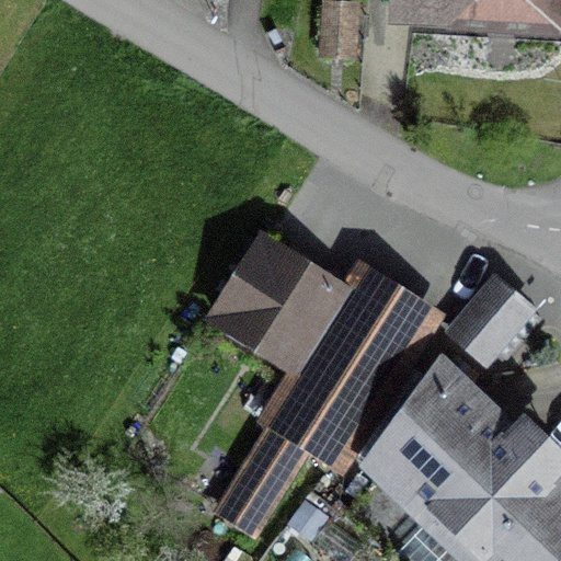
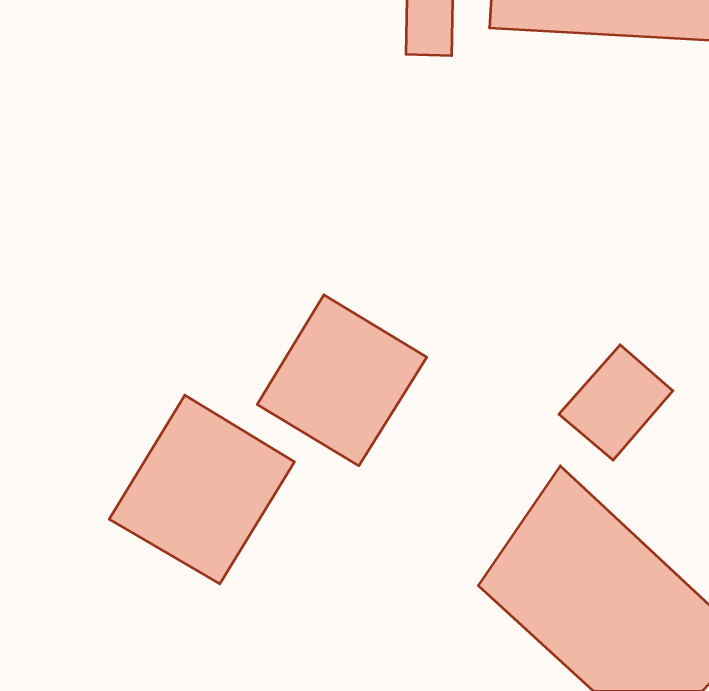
building: [220,265,427,520] -> none
building: none -> [109,395,294,584]

